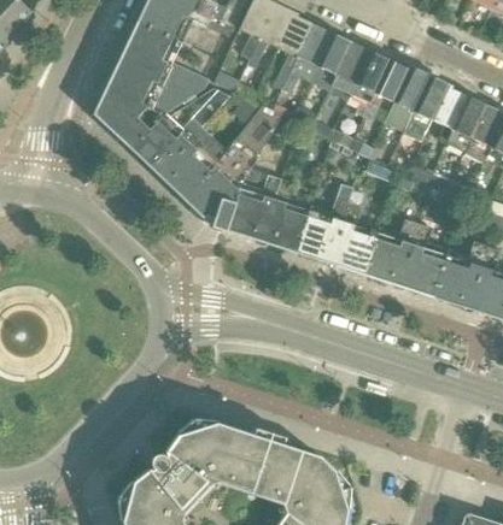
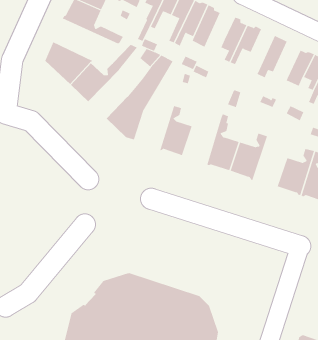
building: [328,45,372,101] -> none
building: [106,53,201,114] -> none
building: [386,69,429,132] -> none
building: [433,87,467,140] -> none
building: [158,128,215,199] -> none
building: [226,169,282,244] -> none
building: [296,197,350,266] -> none
building: [398,224,448,297] -> none

